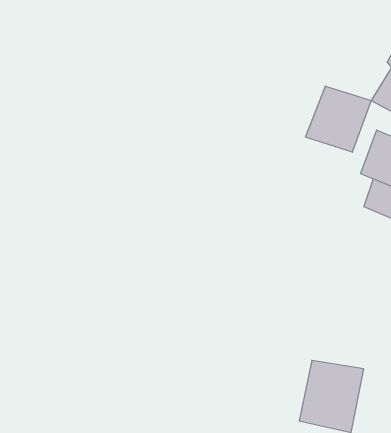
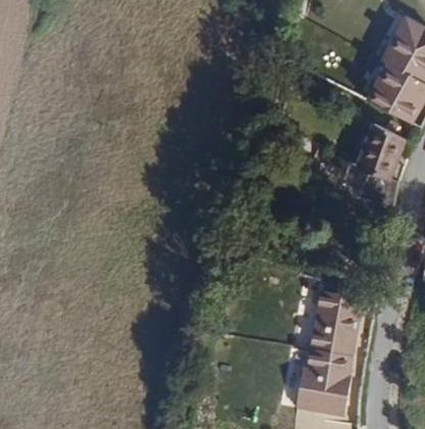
building: [305,86,371,152] -> none
building: none -> [306,288,367,357]

